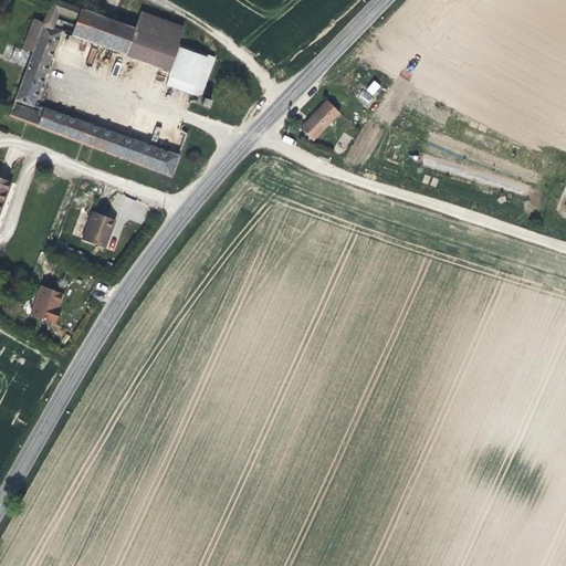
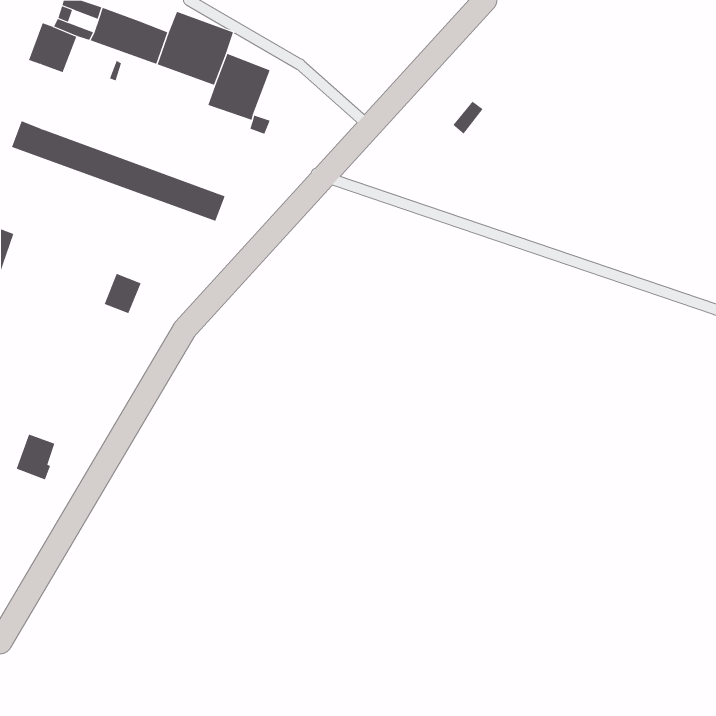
building: [17,51,50,102] -> none
building: [300,99,342,140] -> none
building: [30,287,61,324] -> [16,434,55,480]

